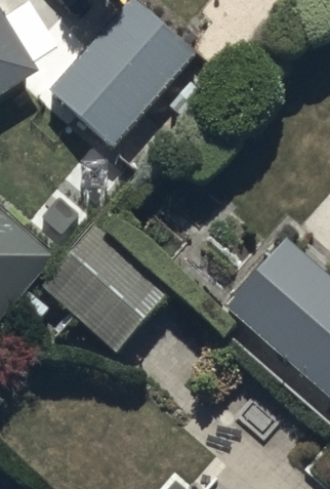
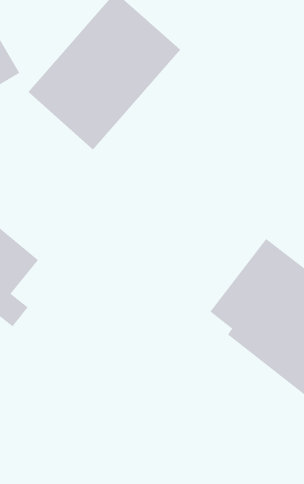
building: [40,225,168,351] -> none

